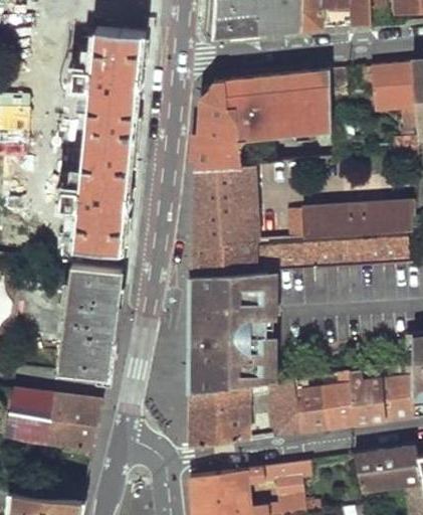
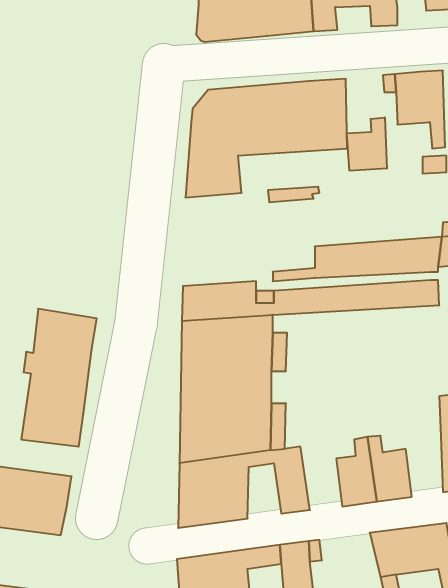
building: [61,31,144,272] -> none
building: none -> [347,117,387,171]
building: [193,165,260,244] -> none
building: [380,363,411,421] -> none
building: [291,377,327,433] -> none

